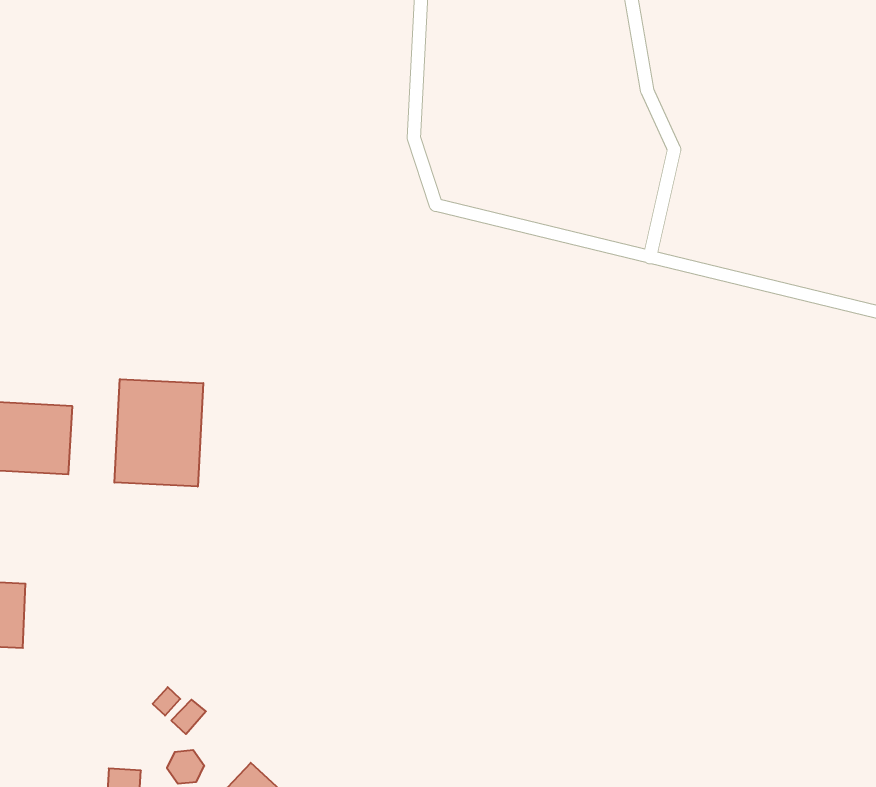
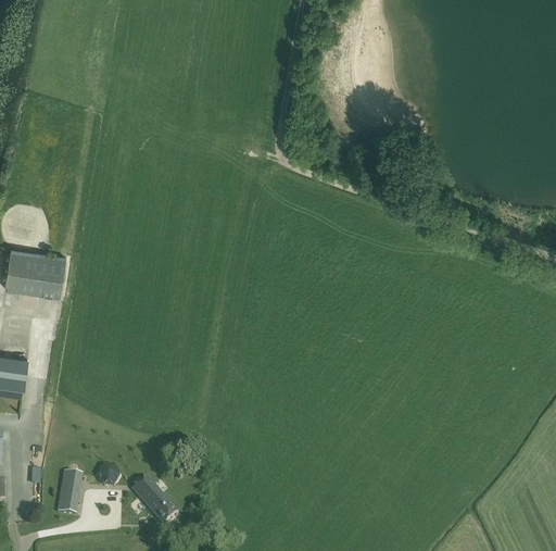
building: [114,379,203,487] -> none

